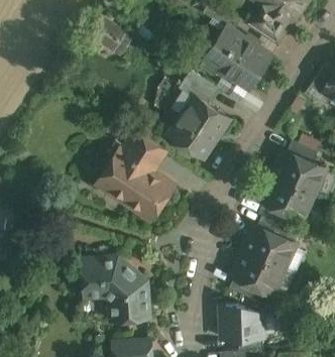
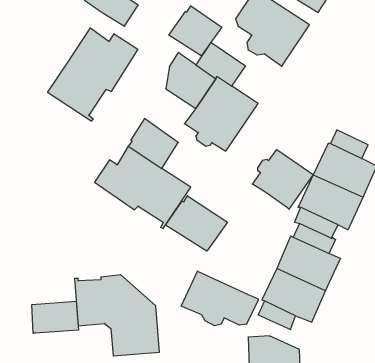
building: none -> [169,6,222,56]
building: none -> [48,28,138,121]
building: none -> [252,150,313,209]
building: none -> [166,196,227,251]
building: none -> [181,271,258,326]
building: none -> [32,301,79,333]

